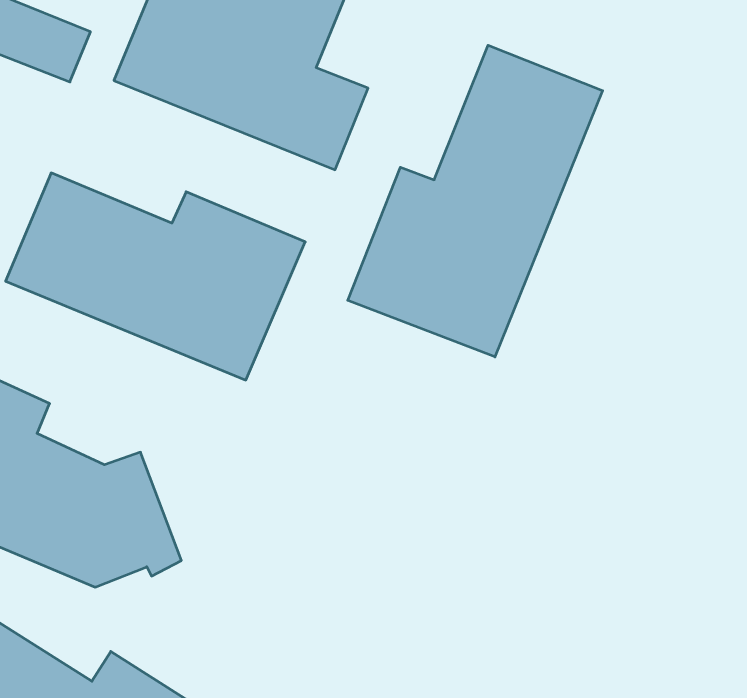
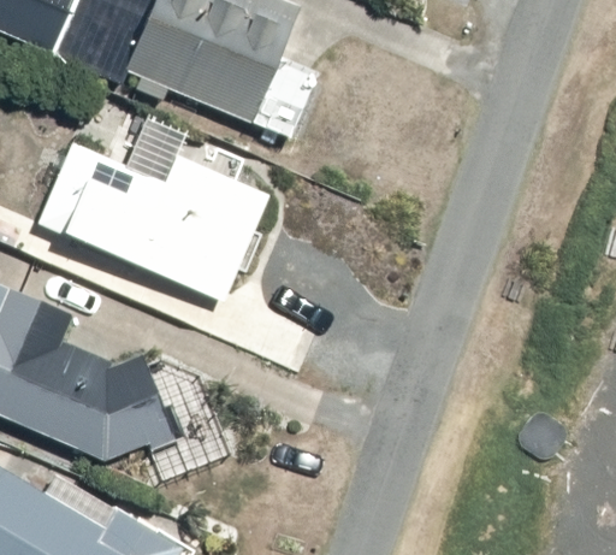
building: [348,45,603,357] -> none

